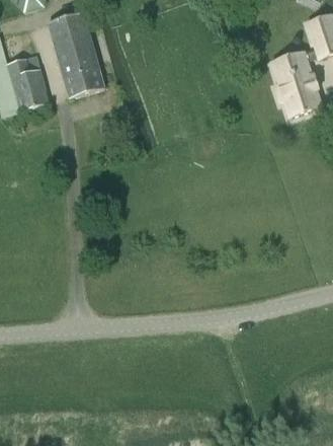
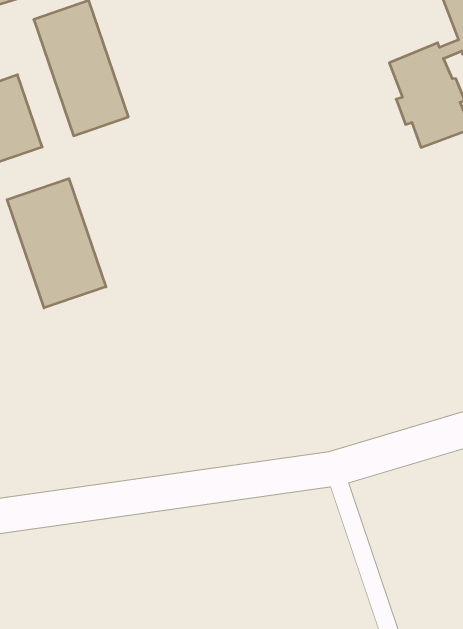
building: none -> [7,179,106,308]

